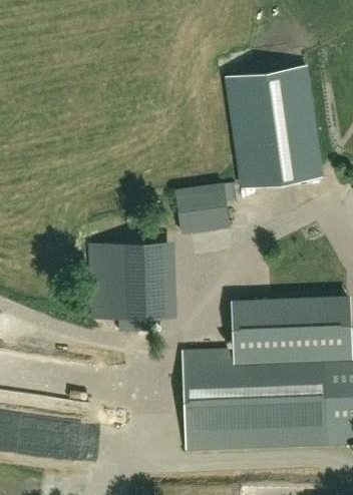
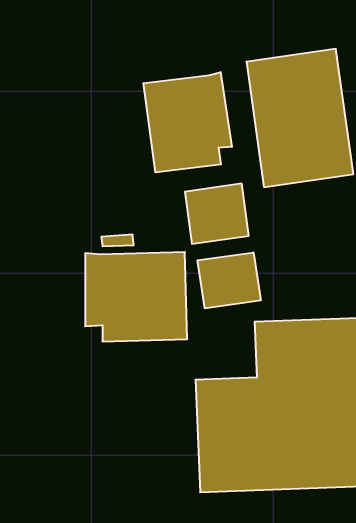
building: none -> [144,72,232,172]
building: none -> [198,252,261,308]

